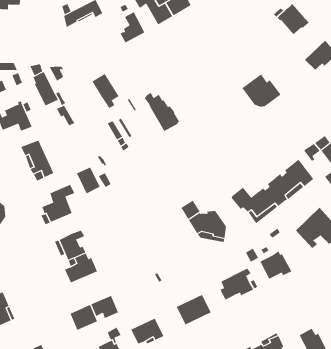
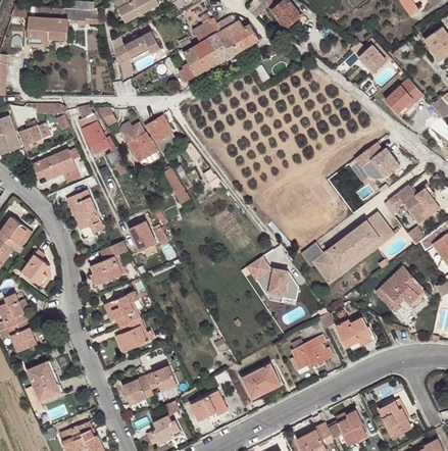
building: none -> [194,39,220,70]
building: [242,74,282,107] -> [355,143,400,181]
building: [144,92,180,132] -> [120,122,161,167]

